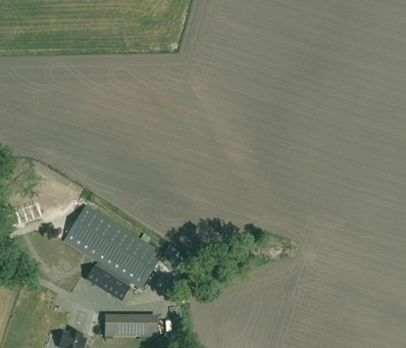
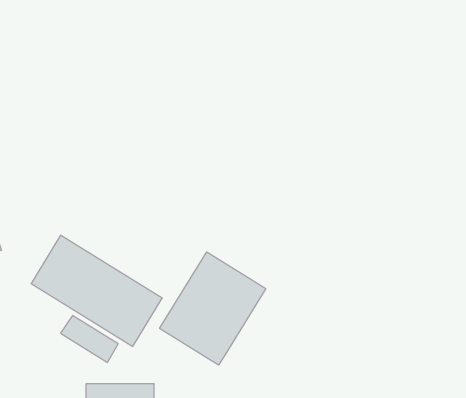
building: none -> [160,252,266,365]

